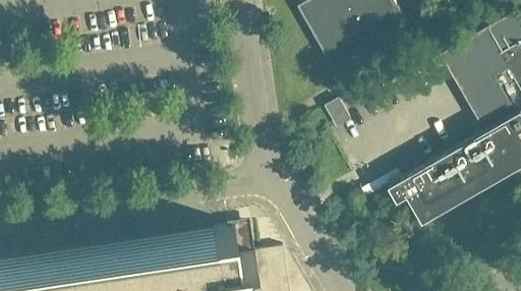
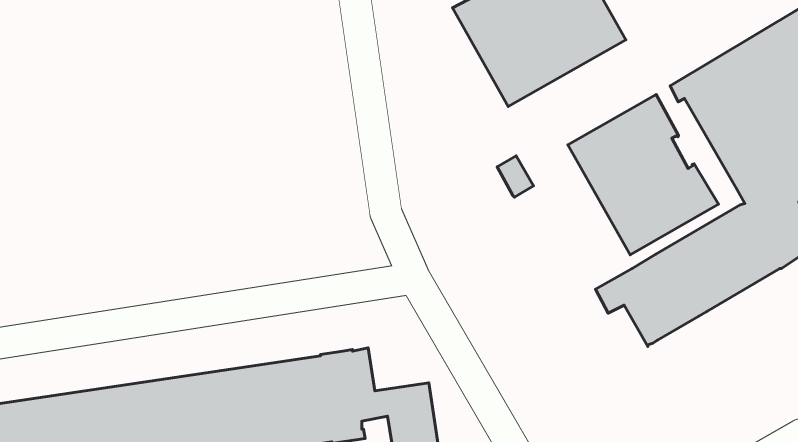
building: none -> [568,95,718,255]

